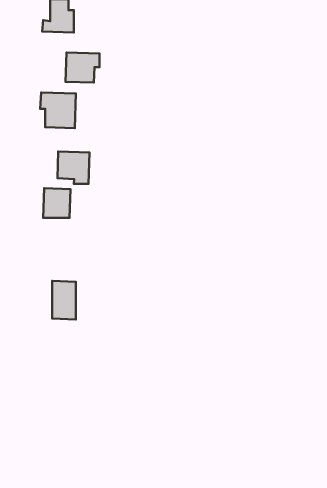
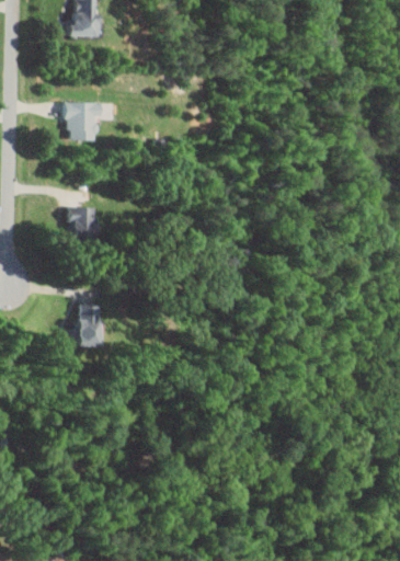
building: [66,53,99,82] -> none
building: [57,151,90,184] -> none

